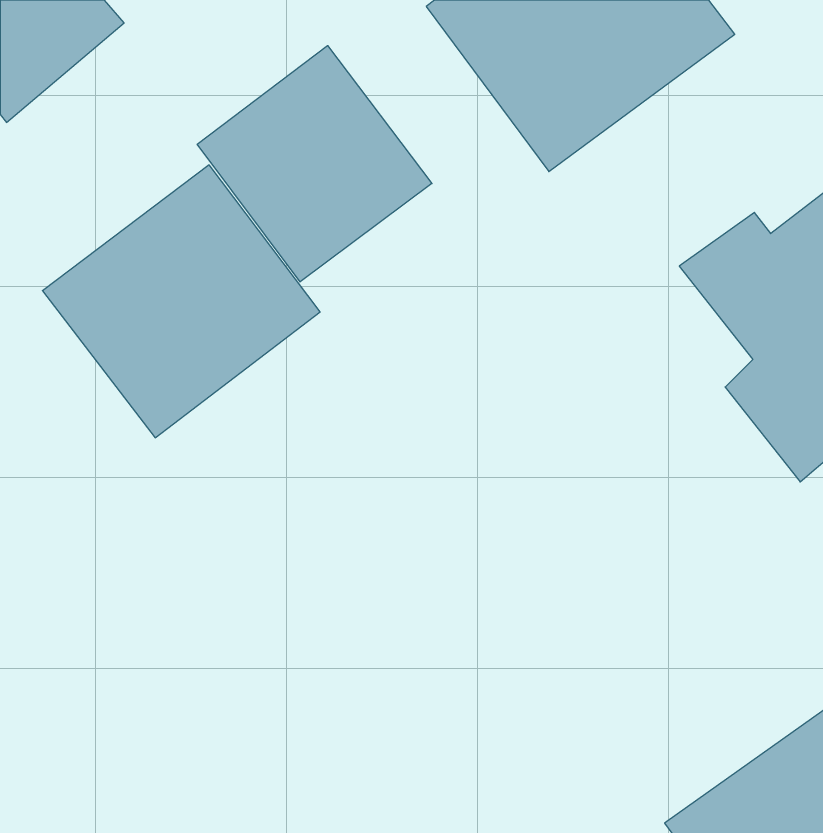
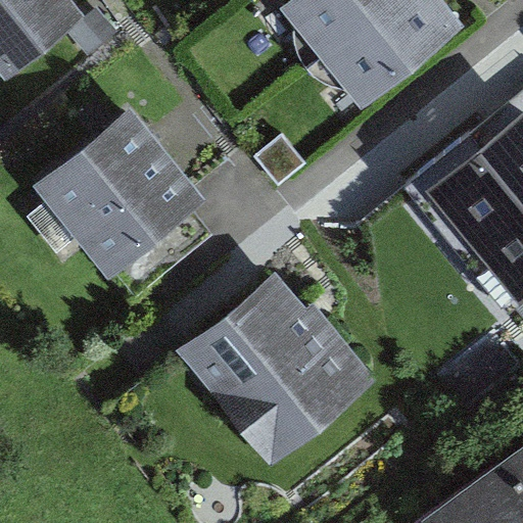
building: [197,46,432,282] -> none
building: none -> [178,269,378,470]

